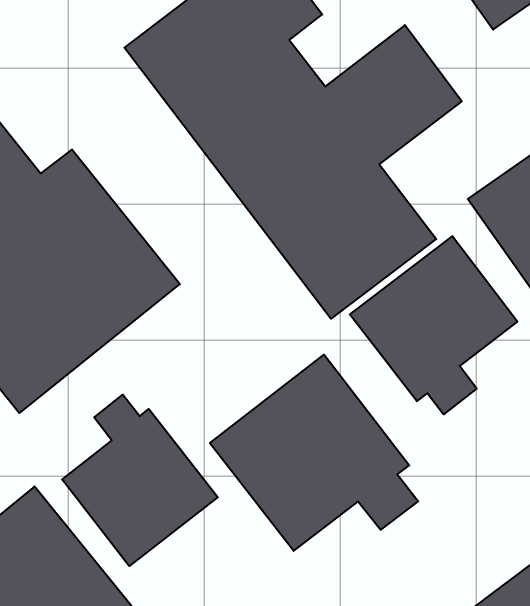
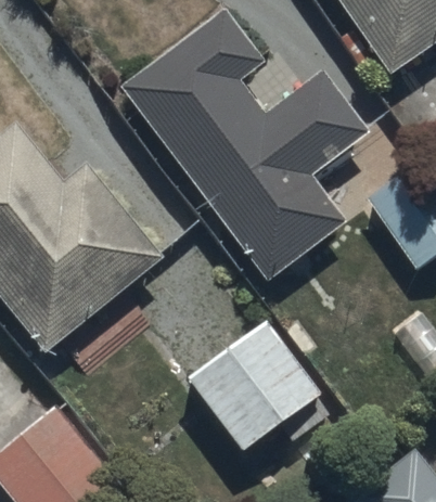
building: [350,236,517,414] -> none
building: [62,395,218,566] -> none

